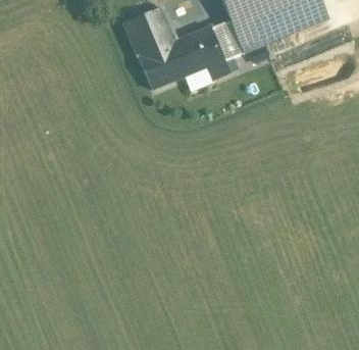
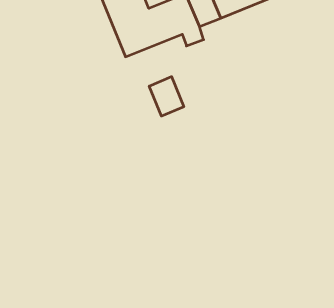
building: none -> [149,77,184,116]

